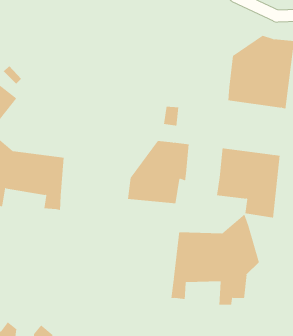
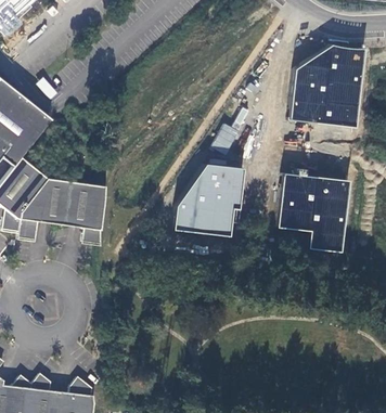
building: [171,213,259,306] -> none

